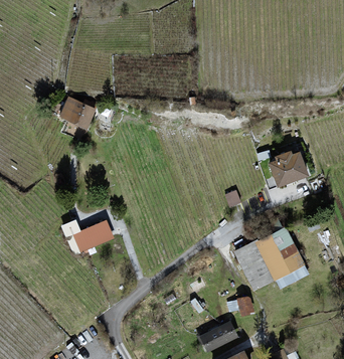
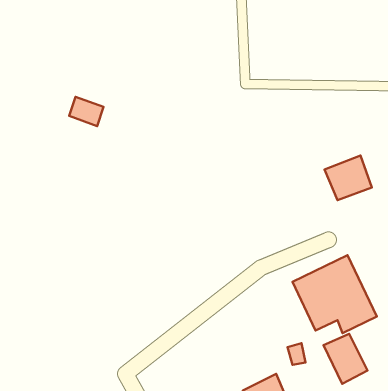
building: [76,220,111,248] -> none
building: none -> [323,334,367,384]

